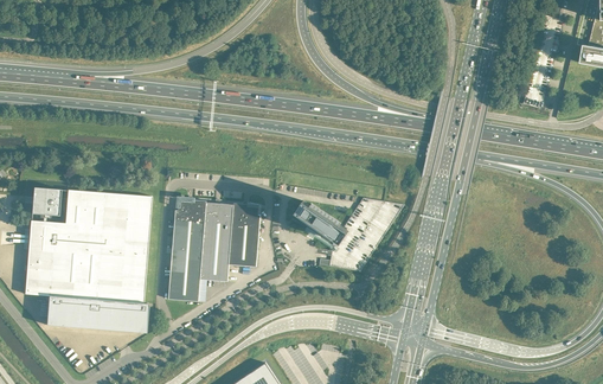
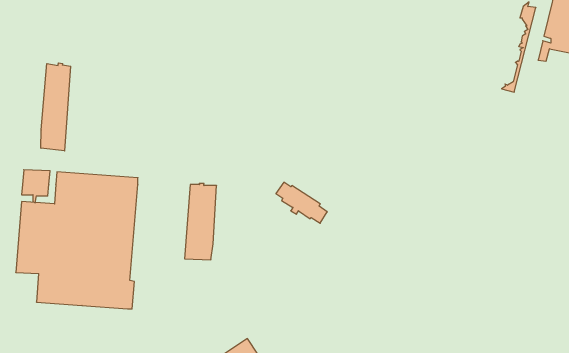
building: none -> [41,63,71,151]
building: [167,199,205,301] -> none
building: [229,203,259,267] -> none

